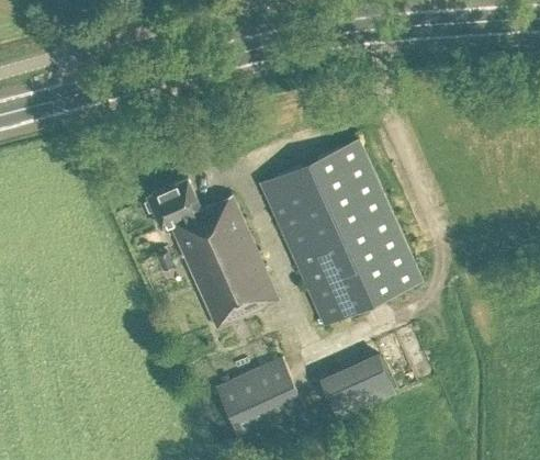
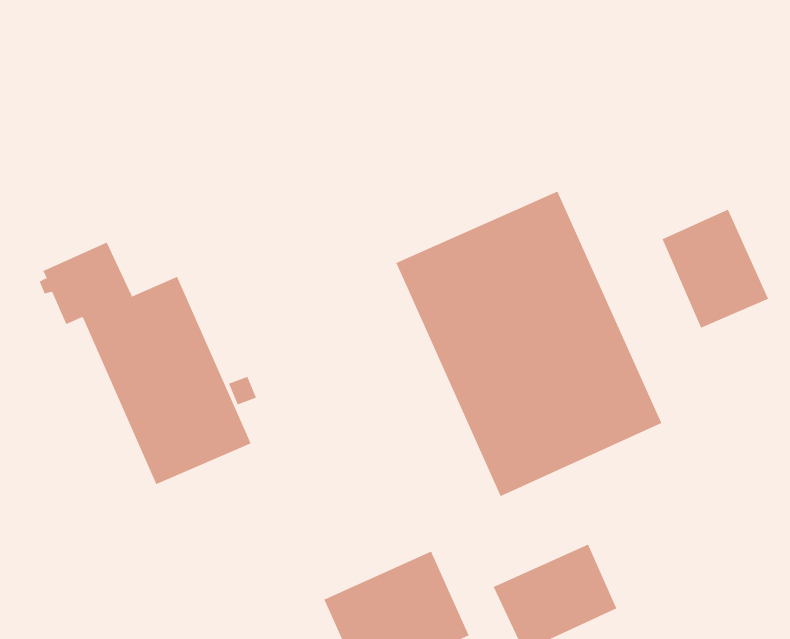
building: none -> [662,209,769,328]
building: [145,179,274,327] -> [39,242,251,485]

